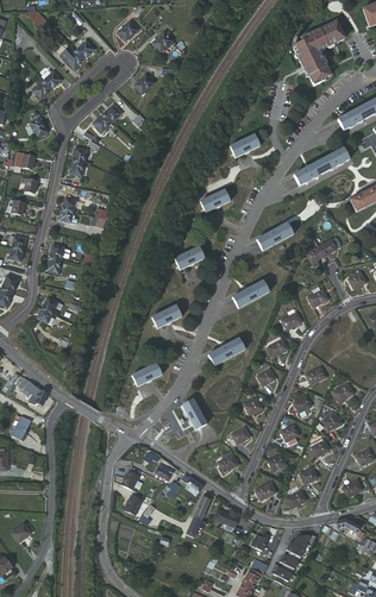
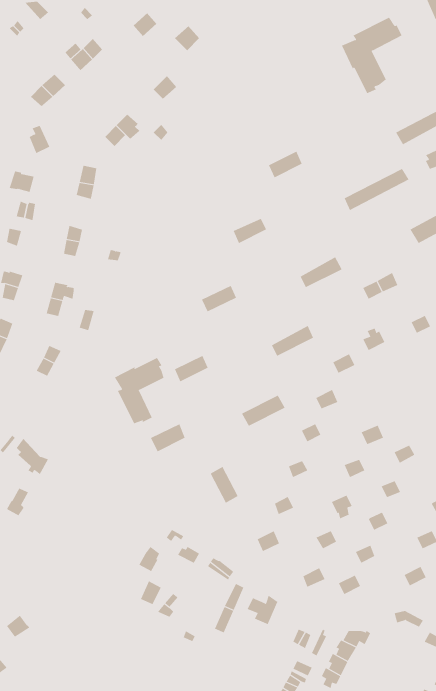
building: none -> [114,357,164,424]

